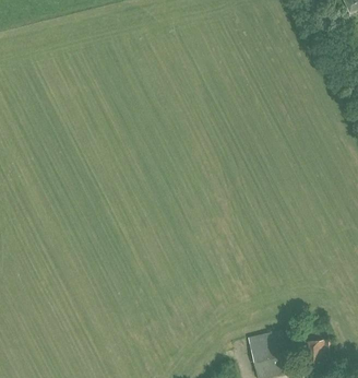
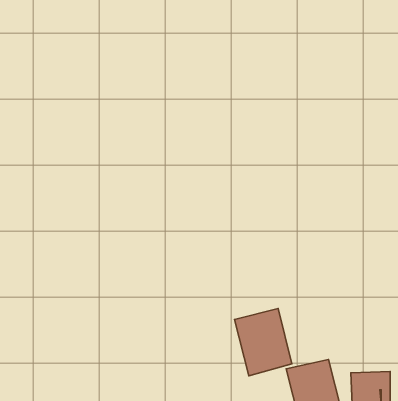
building: none -> [235,309,292,376]

